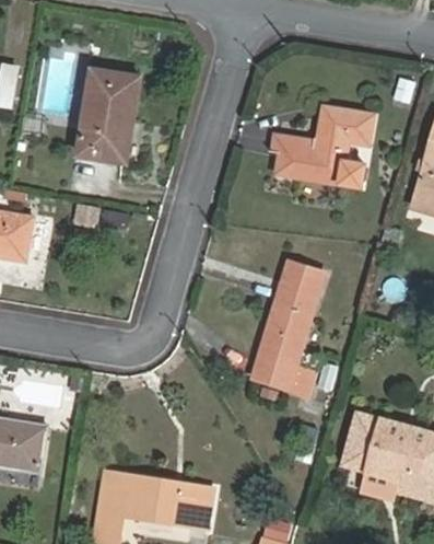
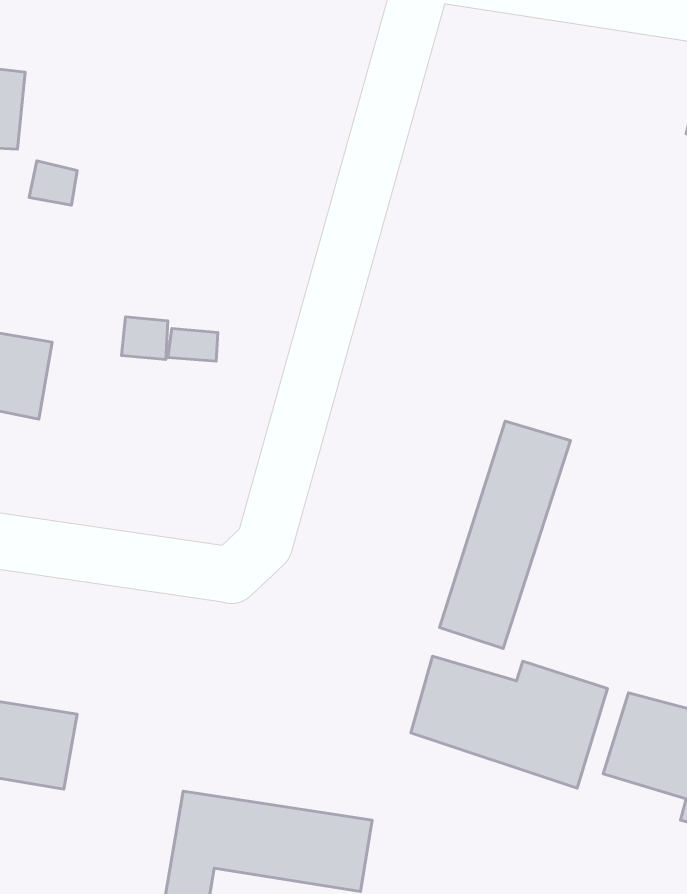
building: [75,68,139,164] -> none
building: [271,106,372,186] -> none
building: none -> [411,656,608,788]

